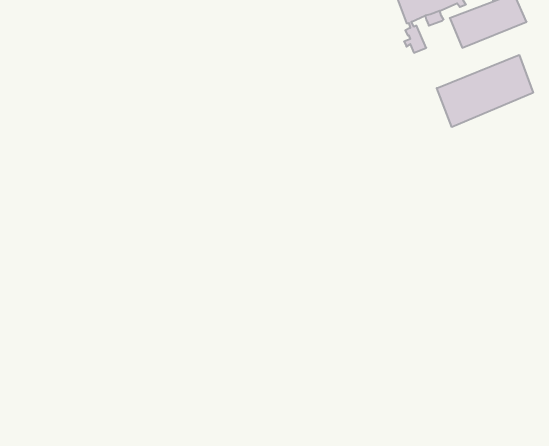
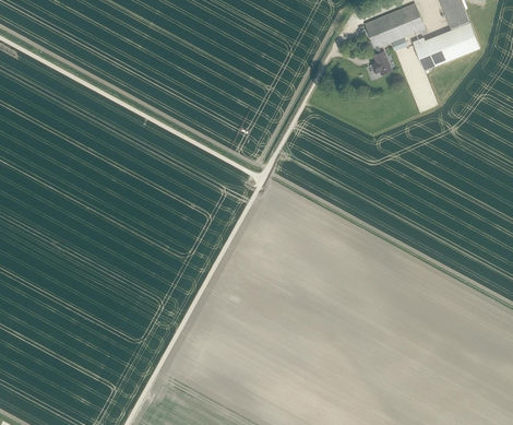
building: [437,55,533,127] -> none

